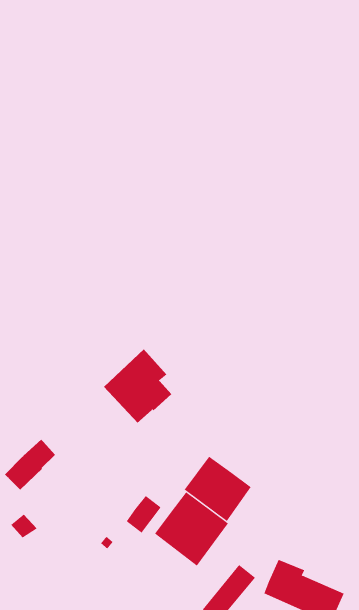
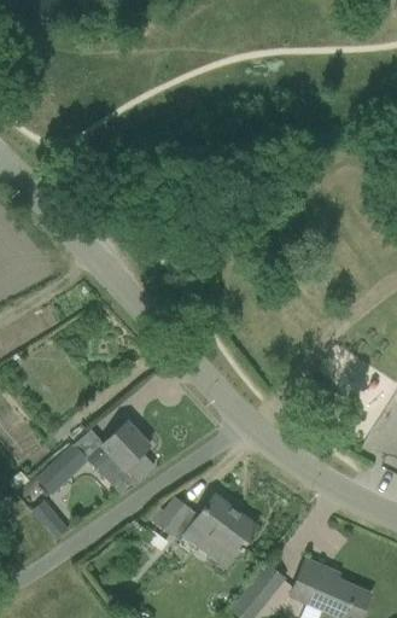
building: [103,349,172,424] -> [87,420,154,494]
building: [184,456,252,522] -> none

